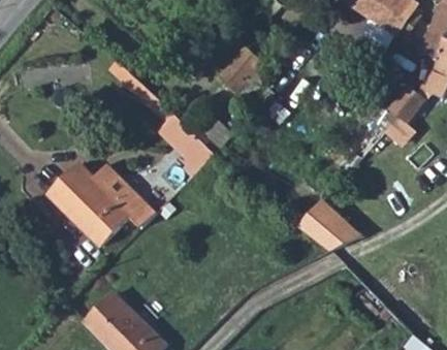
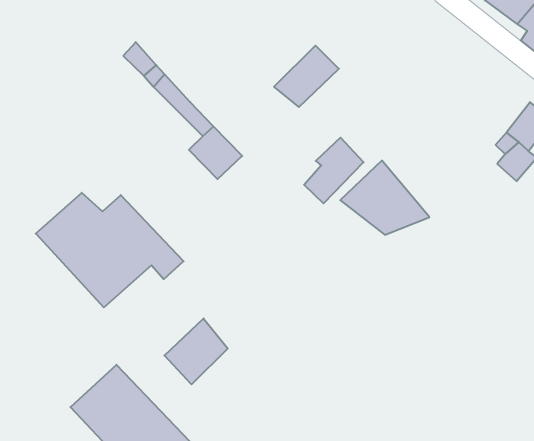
building: [170,134,212,182] -> [304,138,364,203]
building: [302,197,366,250] -> [340,161,429,235]
building: none -> [164,318,228,384]

